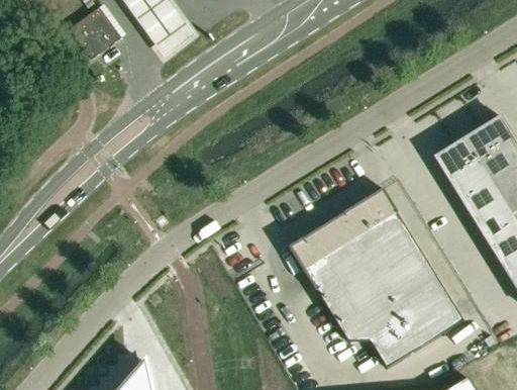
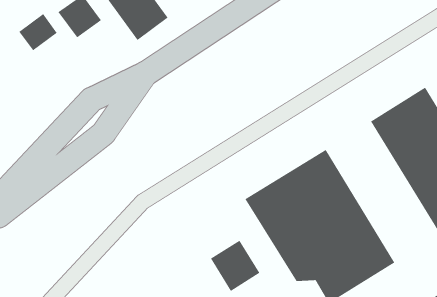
building: none -> [19,13,58,51]
building: none -> [210,240,260,292]

